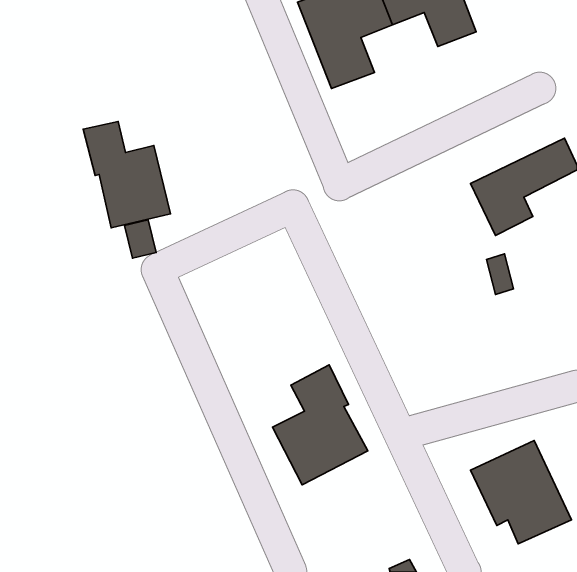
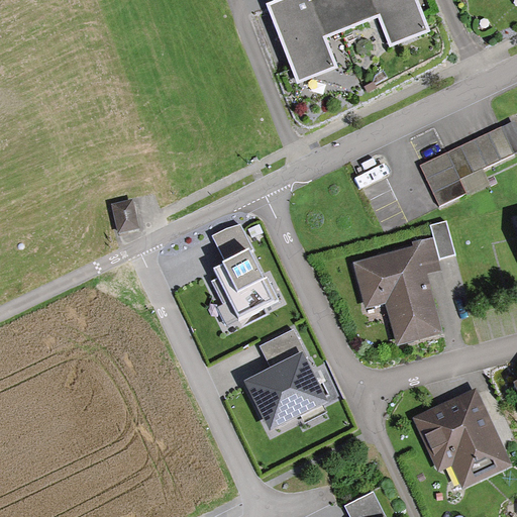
building: [83,121,170,228] -> none
building: none -> [214,223,274,319]
building: none -> [356,245,439,344]

